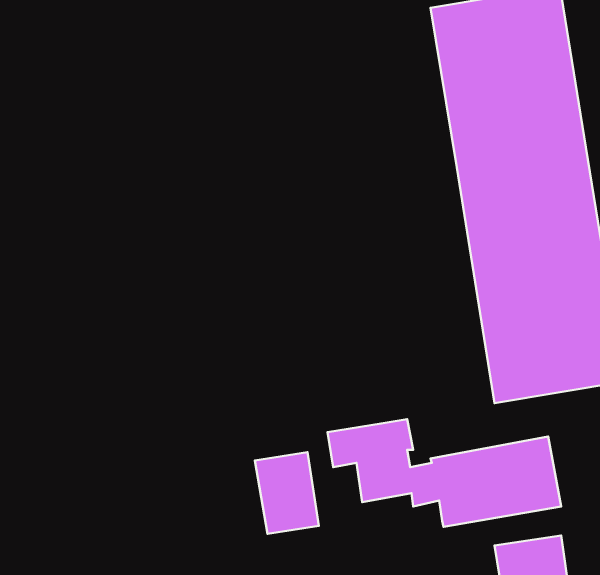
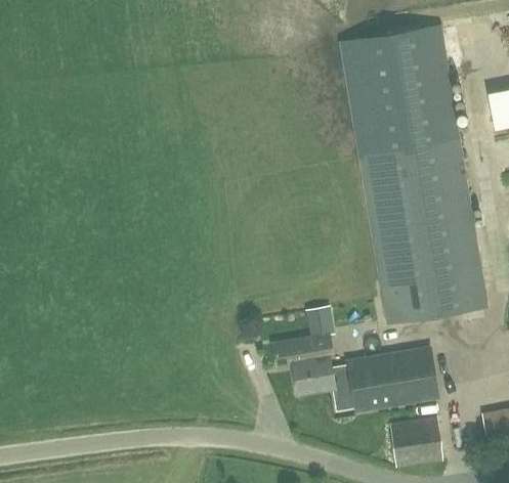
building: none -> [309,307,337,335]
building: [255,452,319,534] -> none

